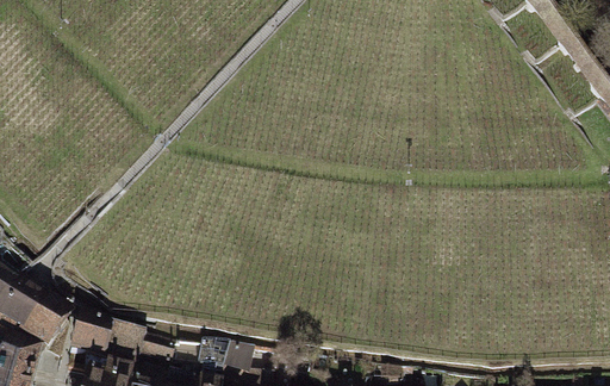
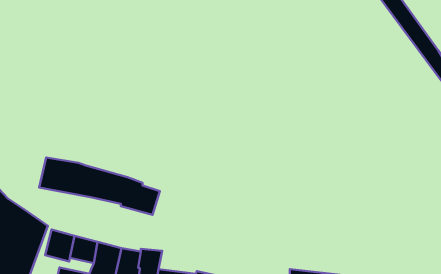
building: none -> [39,157,160,215]

